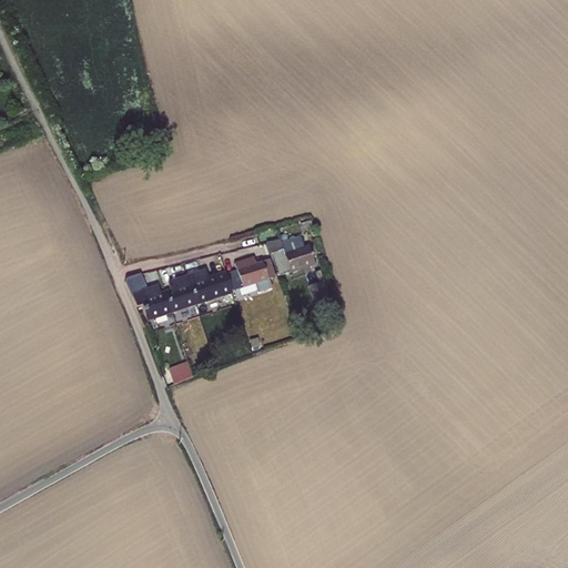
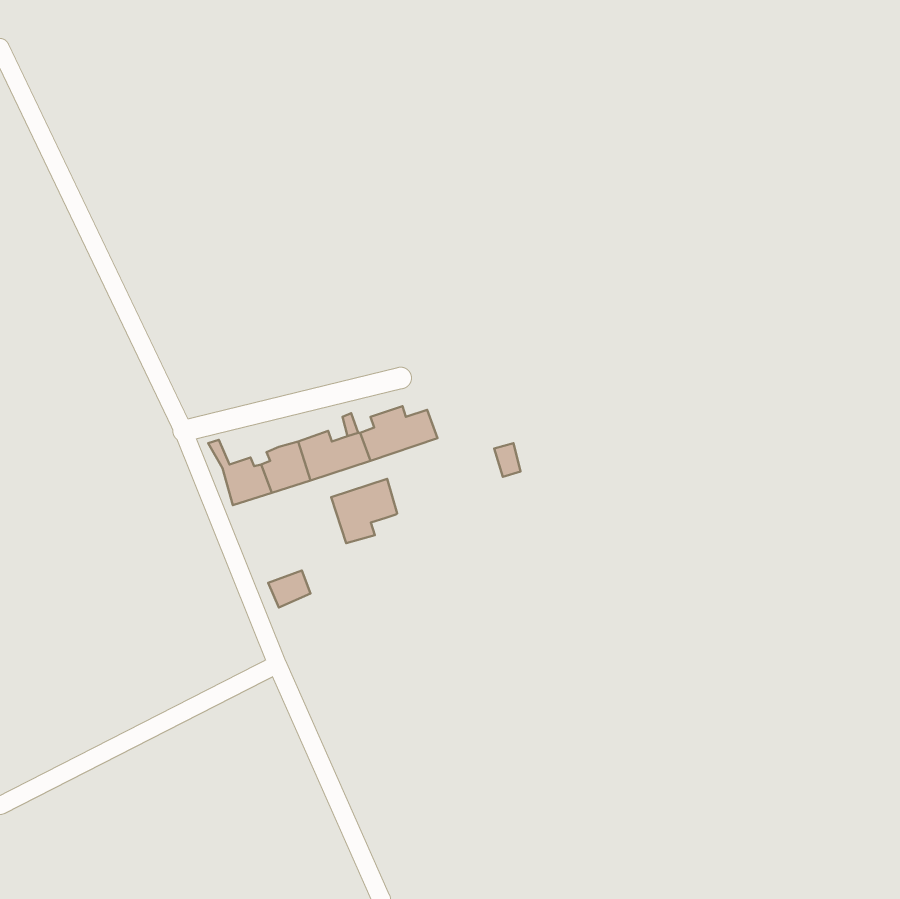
building: [273,240,314,273] -> none
building: none -> [331,479,397,543]

